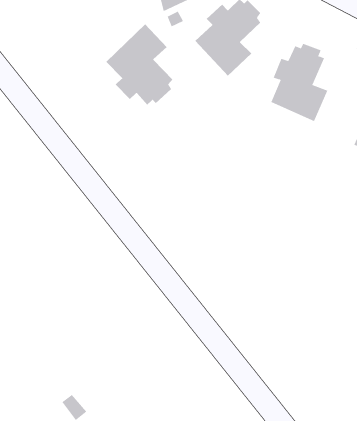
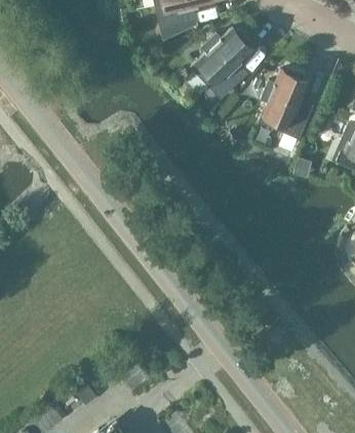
building: [105,23,173,105] -> none

